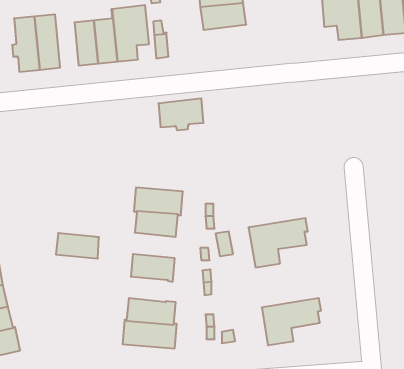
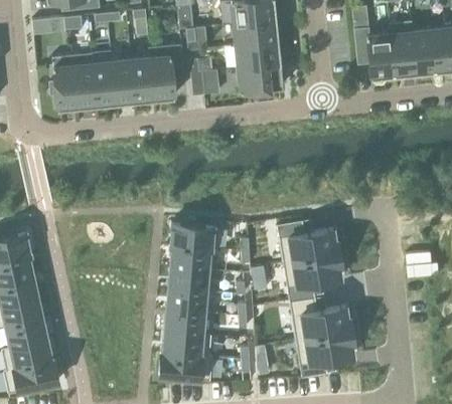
building: none -> [94,60,116,105]
building: [158,98,203,130] -> [239,62,283,93]
building: none -> [277,220,339,261]
building: [56,233,99,259] -> [169,266,211,291]
building: none -> [290,296,352,340]
building: none -> [165,310,203,335]

